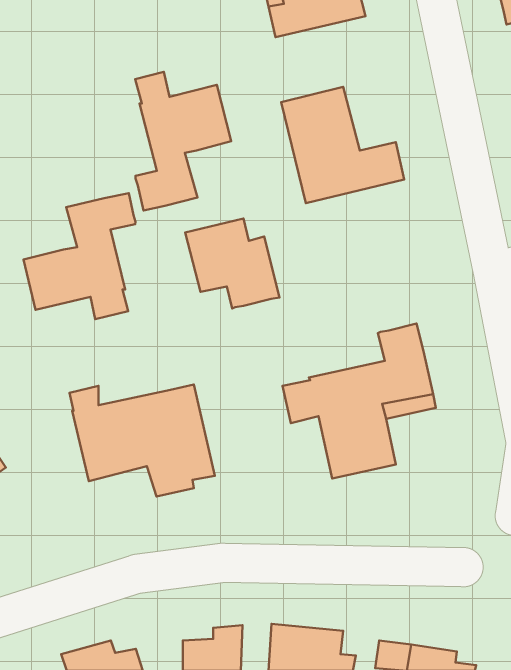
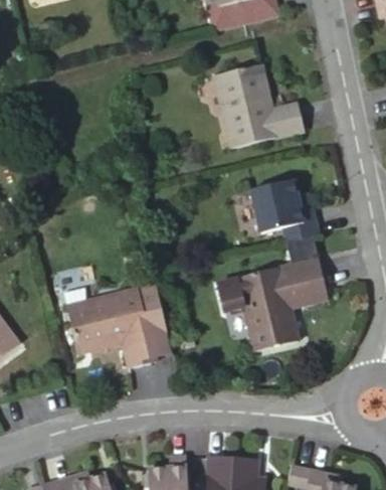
building: [135,72,231,211] -> none
building: [23,193,135,319] -> none
building: [185,219,279,309] -> [252,178,321,243]

